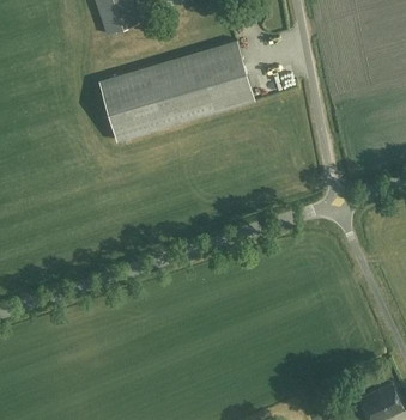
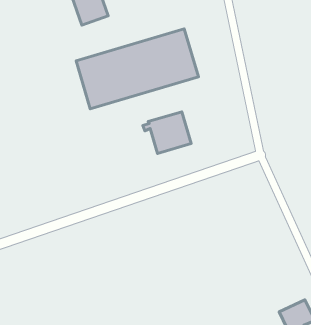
building: none -> [143,112,191,153]

